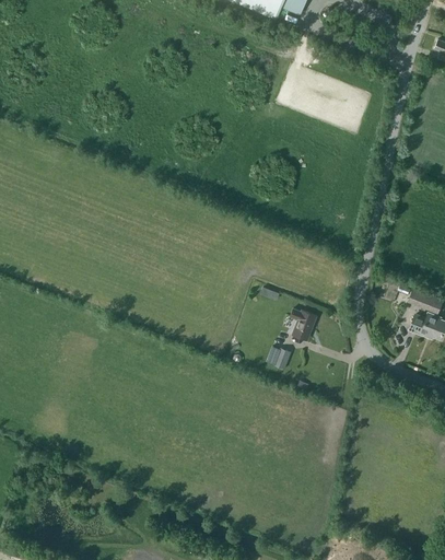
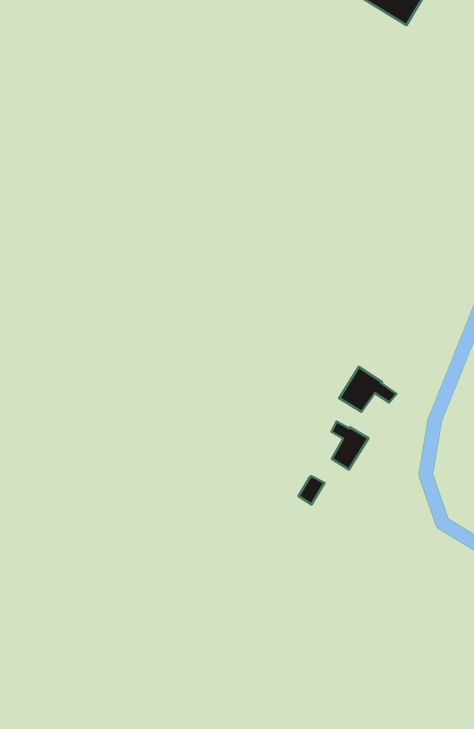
building: none -> [339,367,396,412]

